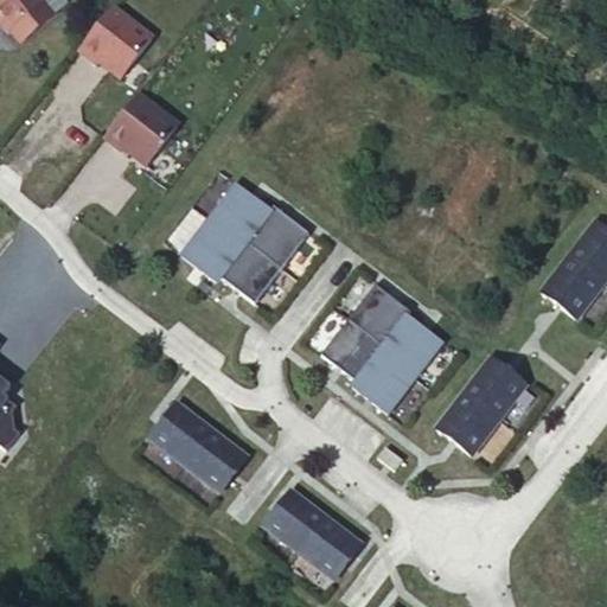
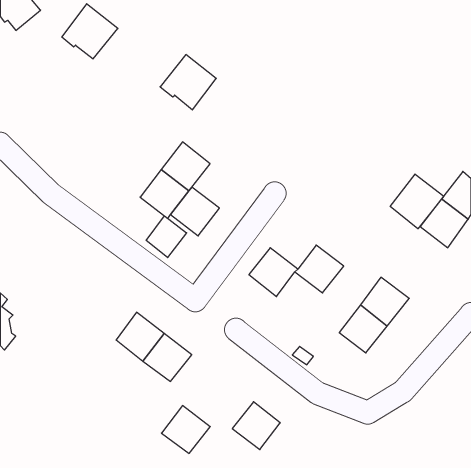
building: [104,94,177,165] -> [160,55,216,110]
building: [247,206,309,268] -> none
building: none -> [390,174,444,229]
building: none -> [146,216,187,258]
building: [347,283,410,346] -> none
building: [352,350,415,414] -> none
building: [263,490,326,551] -> [161,406,210,453]

